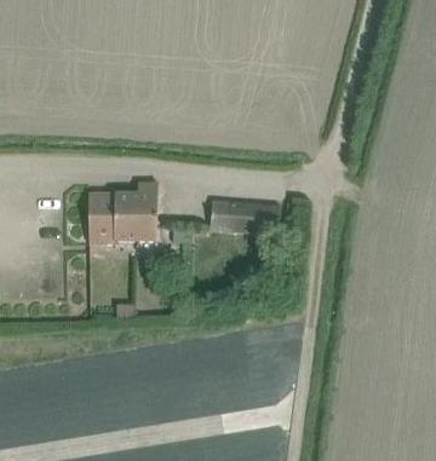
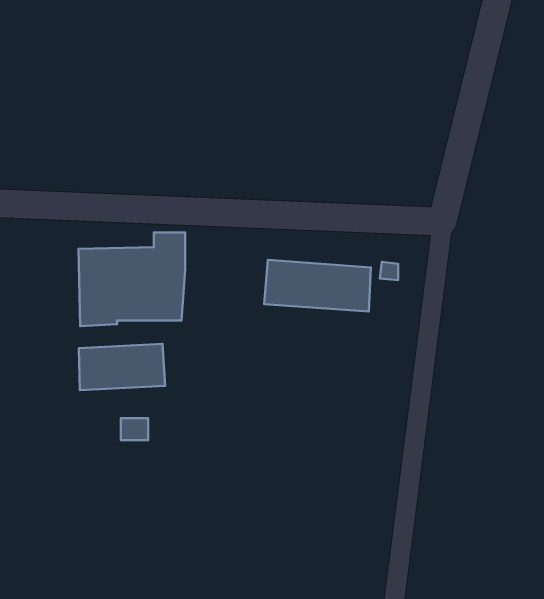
building: none -> [79,344,165,390]

